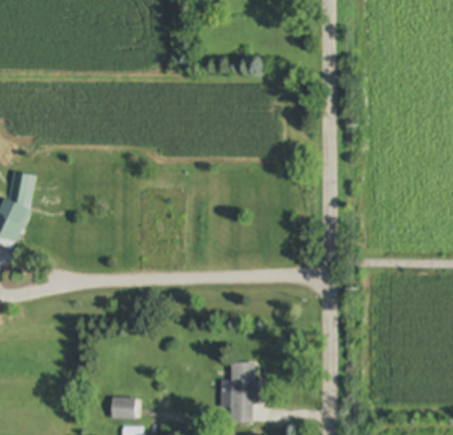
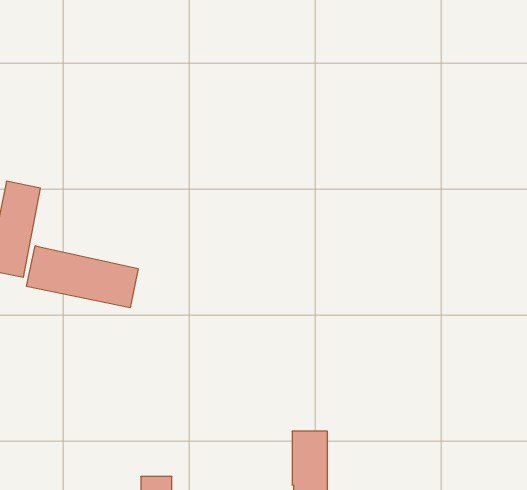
building: none -> [27,246,138,308]

